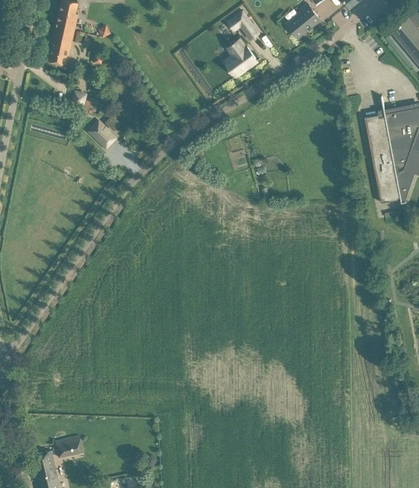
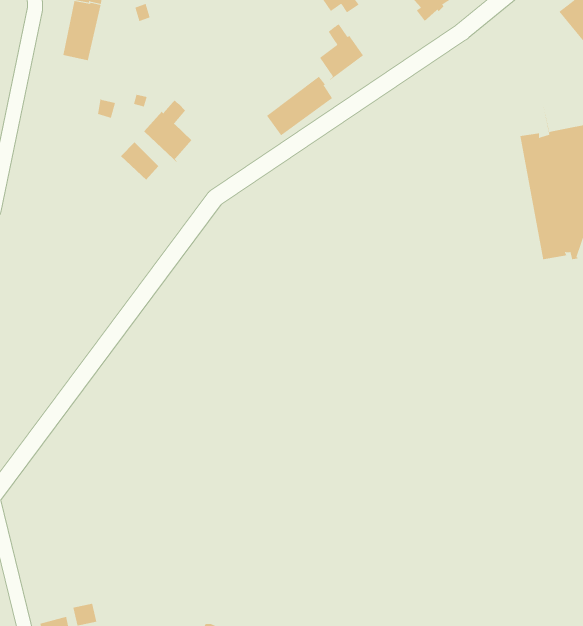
building: none -> [266,76,333,136]
building: none -> [139,99,192,164]

